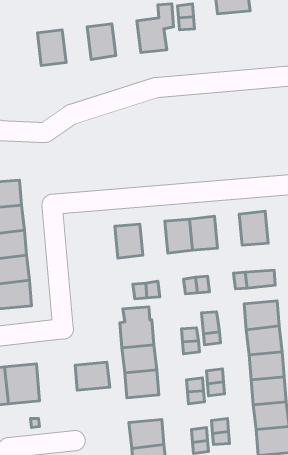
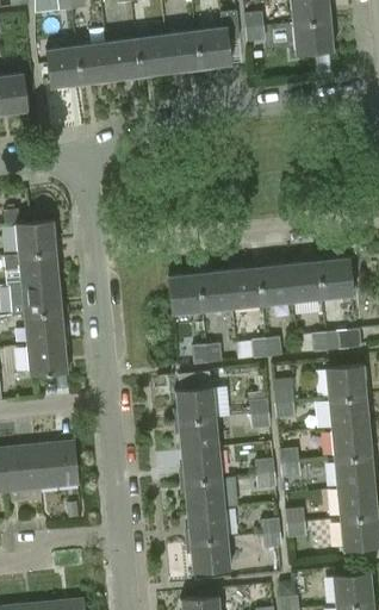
building: none -> [292,19,334,54]
building: none -> [166,31,200,73]
building: none -> [106,38,141,81]
building: none -> [46,45,81,88]
building: none -> [288,262,322,303]
building: none -> [199,270,232,311]
building: [75,362,110,390] -> [184,478,225,511]

